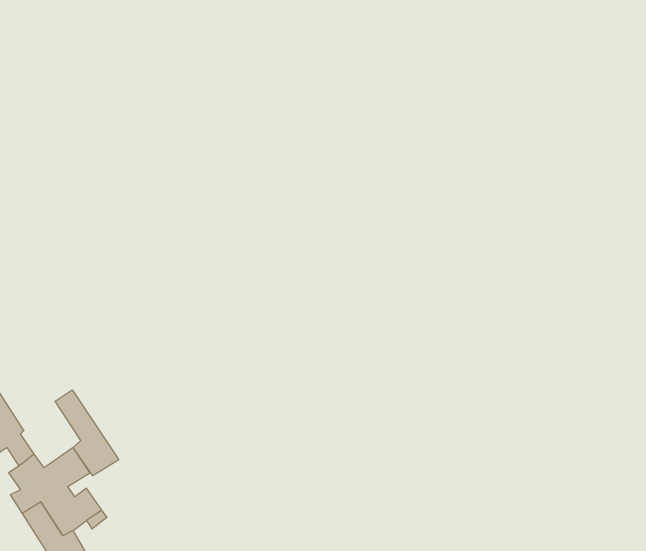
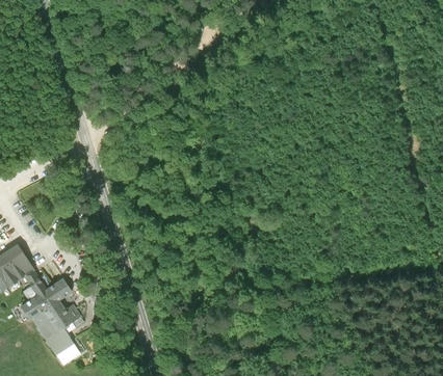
building: [55,390,119,476] -> none

